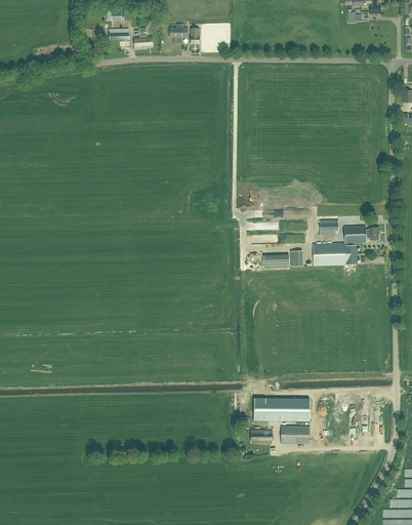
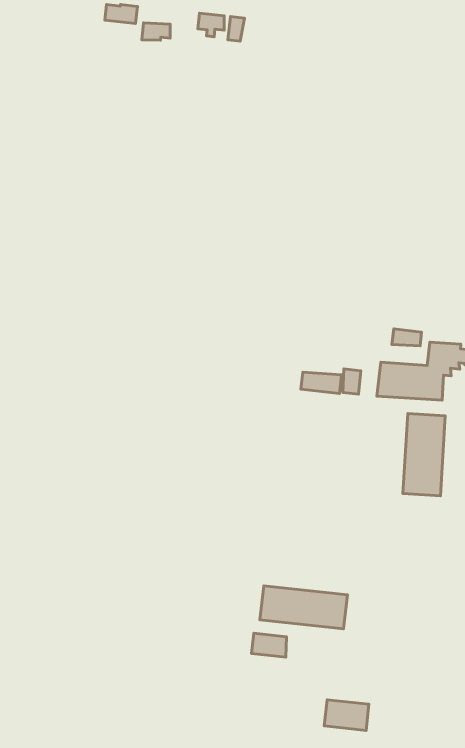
building: none -> [403,414,445,496]
building: [281,426,308,443] -> [324,700,369,731]

